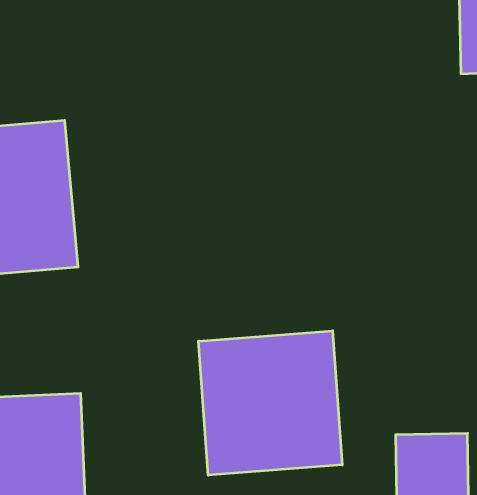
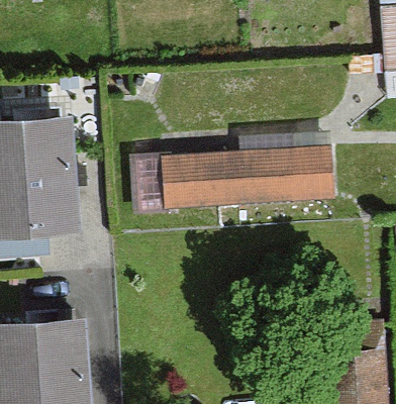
building: none -> [156,148,326,210]
building: [199,331,342,475] -> none

